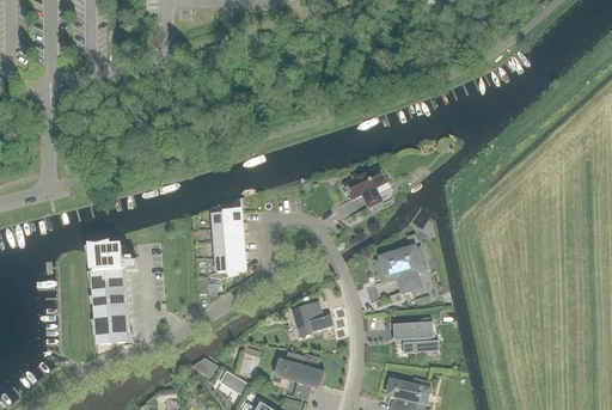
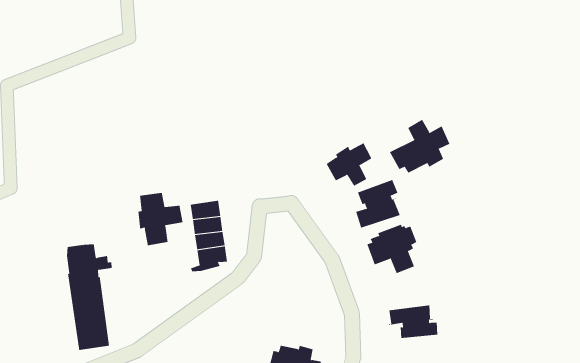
building: none -> [389,119,450,173]
building: none -> [138,192,186,246]
building: none -> [353,179,400,229]
building: [292,300,333,337] -> none

